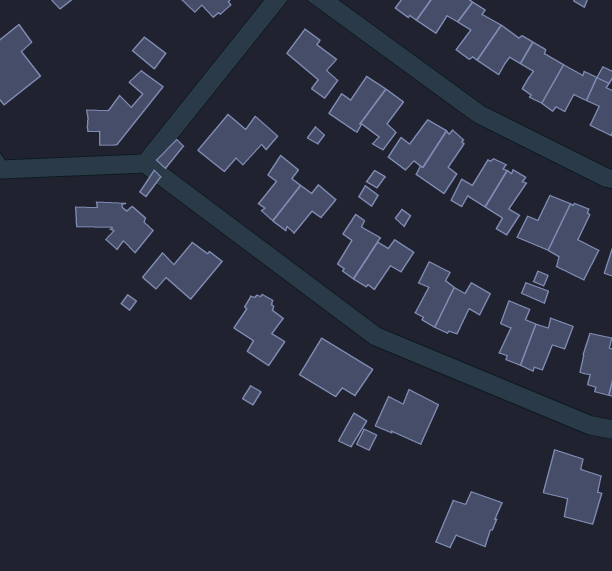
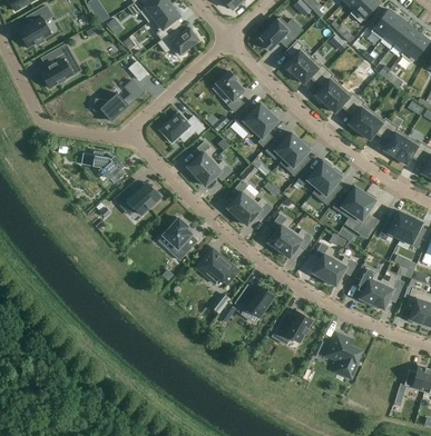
building: [436,492,502,548] -> [271,310,312,343]

